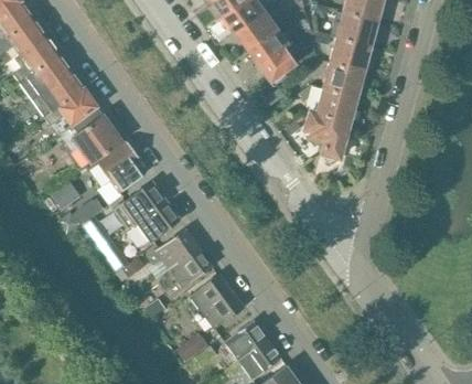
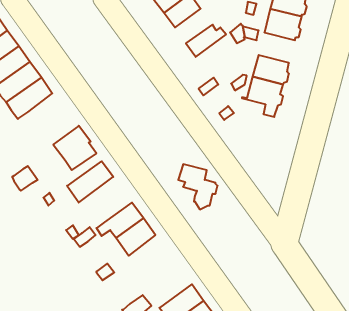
building: [235,12,277,51] -> none
building: [329,39,369,73] -> none
building: [258,41,298,87] -> none
building: [69,107,122,164] -> none
building: [304,113,348,163] -> [178,164,218,209]
building: [127,201,180,249] -> none
building: [189,275,244,329] -> none

